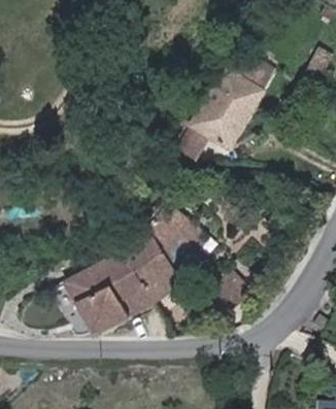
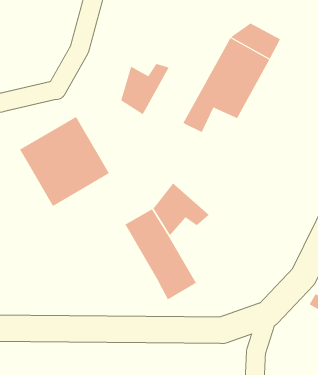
building: none -> [121,63,169,115]
building: [68,248,155,335] -> [19,116,110,207]

